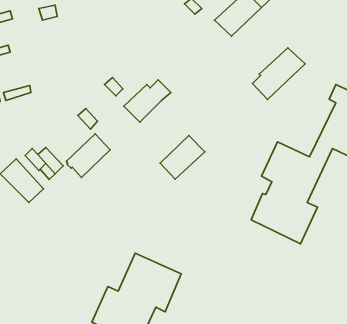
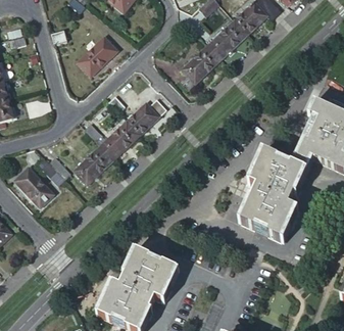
building: none -> [77,35,117,75]
building: [252,48,305,99] -> [175,43,222,89]
building: [160,136,205,179] -> [100,120,140,158]

